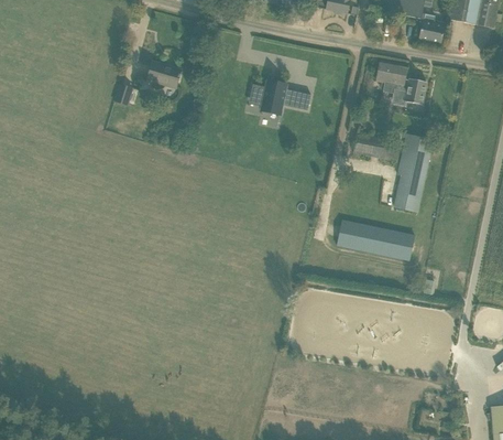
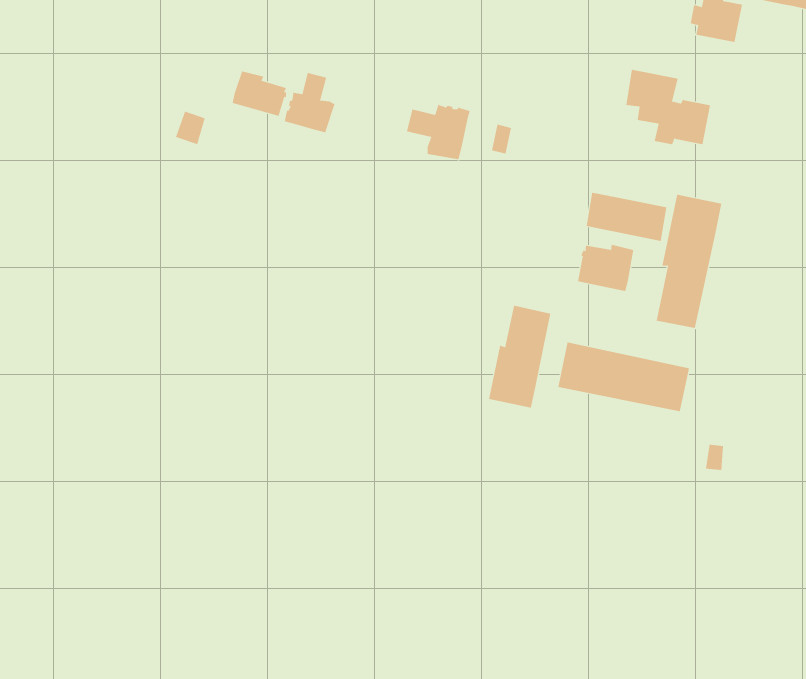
building: none -> [284,72,335,133]
building: none -> [577,244,634,292]
building: none -> [489,305,551,408]

